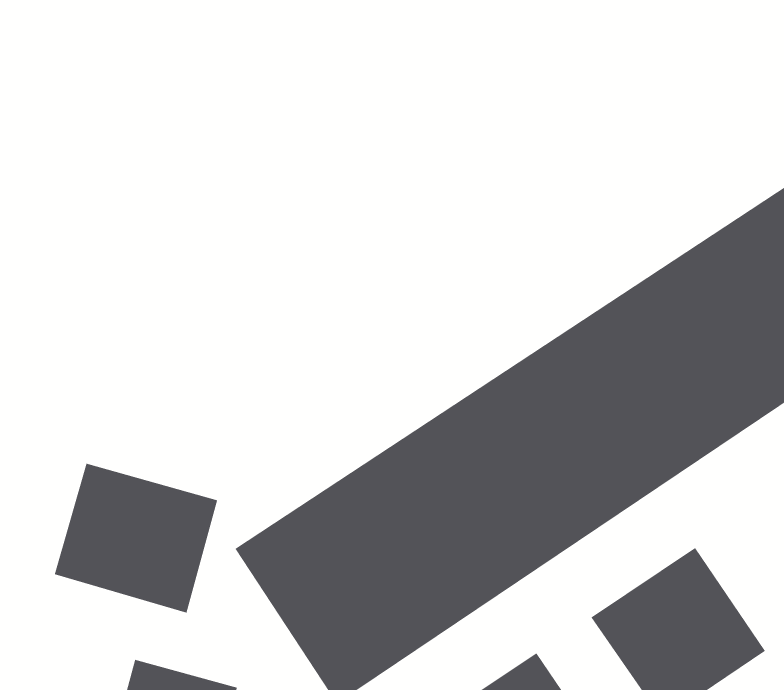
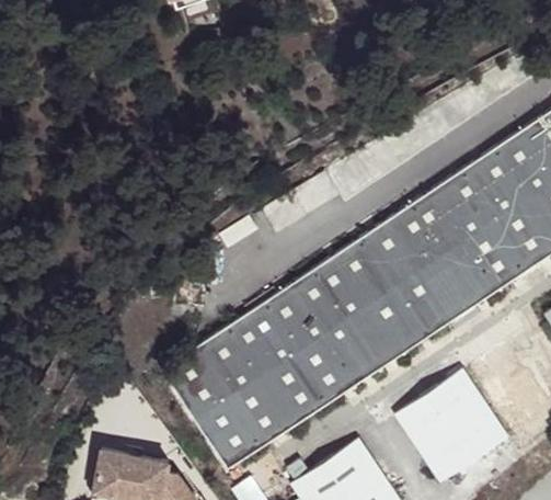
building: [53,463,218,613] -> none

